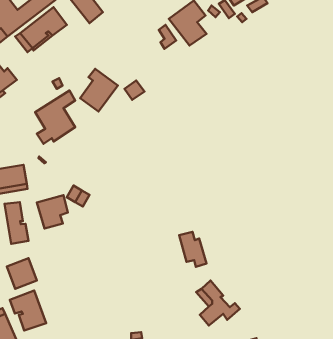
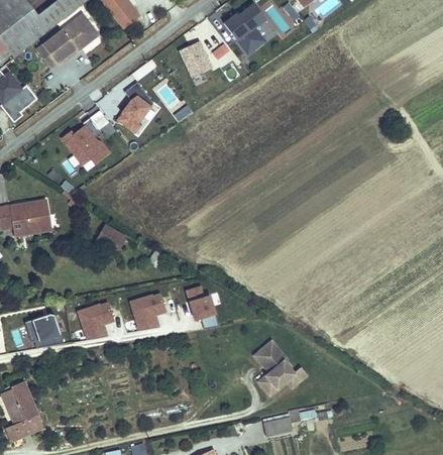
building: none -> [178,40,212,79]
building: [37,195,68,228] -> [76,302,113,342]
building: [5,202,28,244] -> none
building: [179,232,207,267] -> [184,287,217,329]
building: none -> [127,292,165,333]
building: [10,291,46,331] -> none

